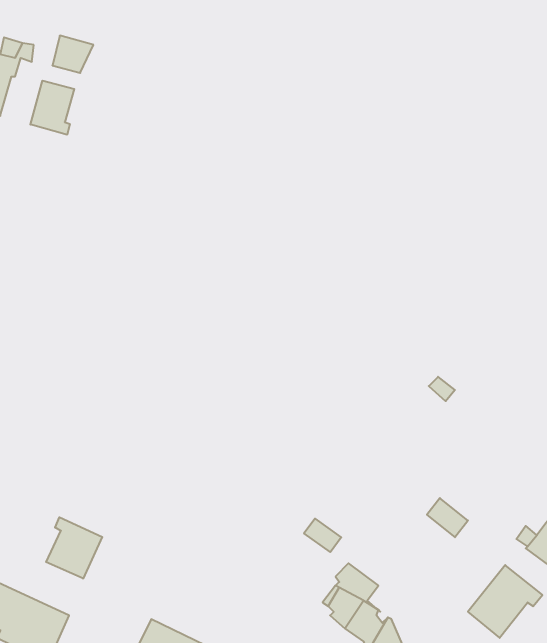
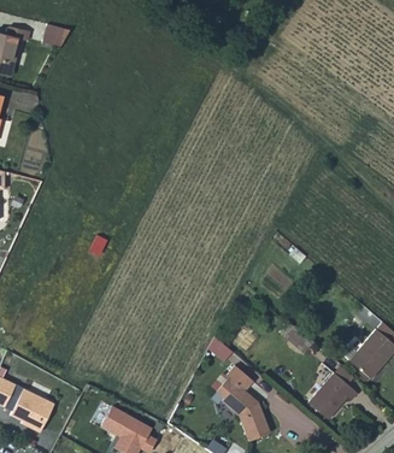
building: [30,81,74,135] -> none
building: [46,517,102,579] -> none

